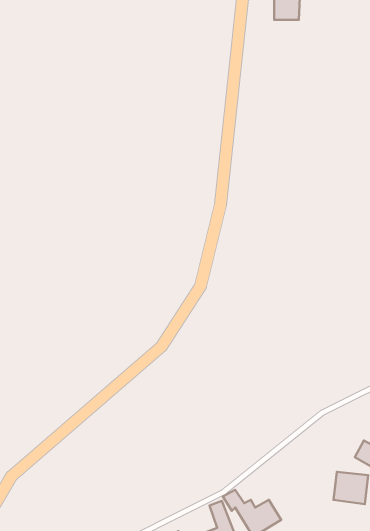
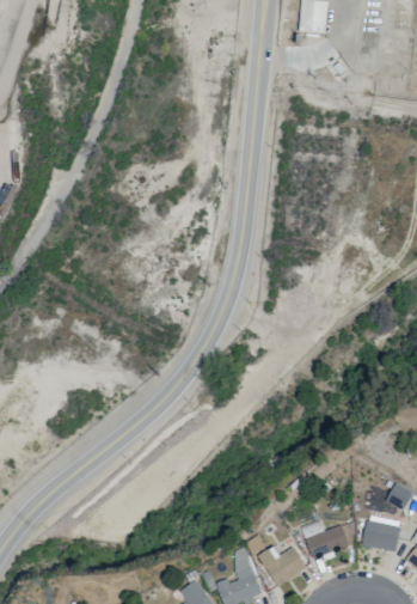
building: none -> [301,520,349,560]

